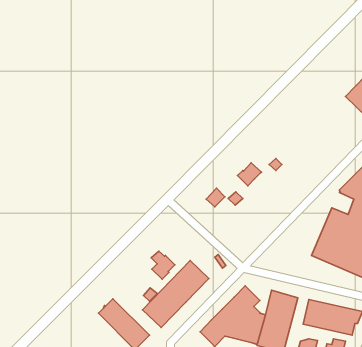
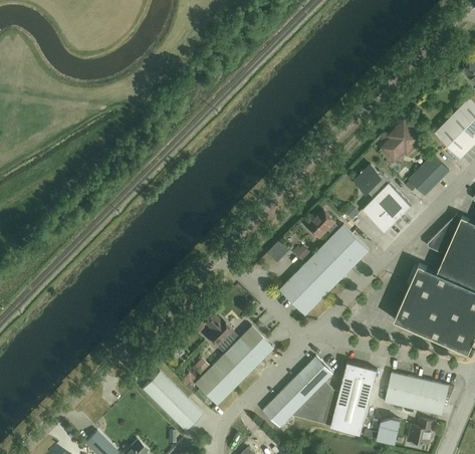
building: none -> [381,123,419,161]
building: none -> [409,156,448,195]
building: none -> [354,165,412,233]
building: none -> [278,225,369,315]

